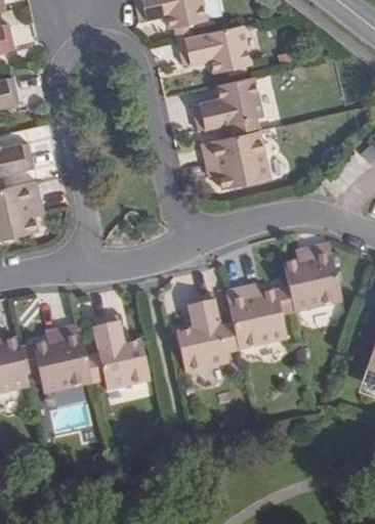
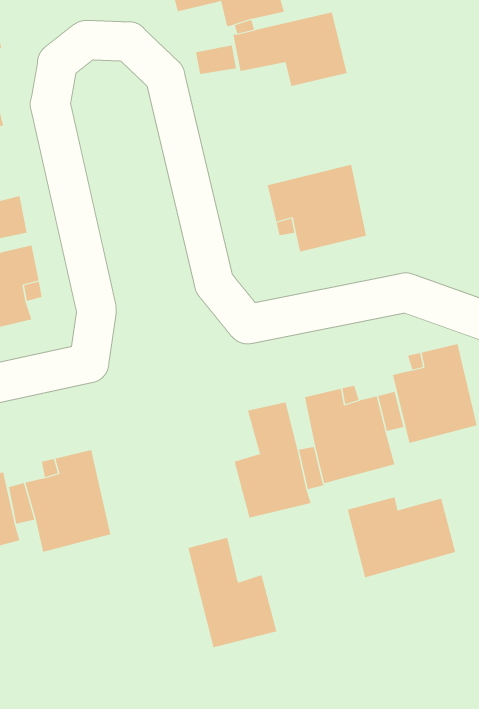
building: [191,74,265,134] -> none
building: [89,313,151,389] -> [188,537,277,648]
building: none -> [347,496,456,578]

